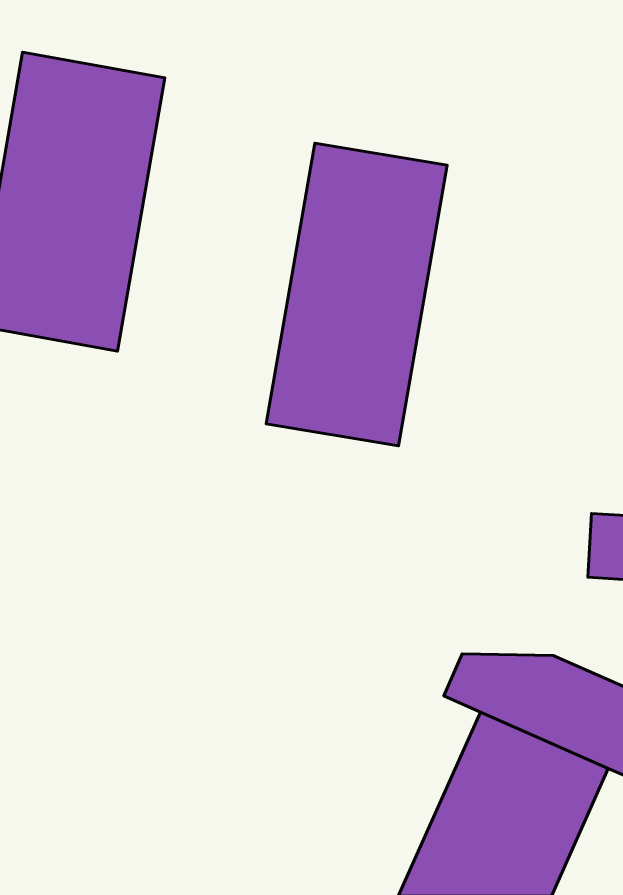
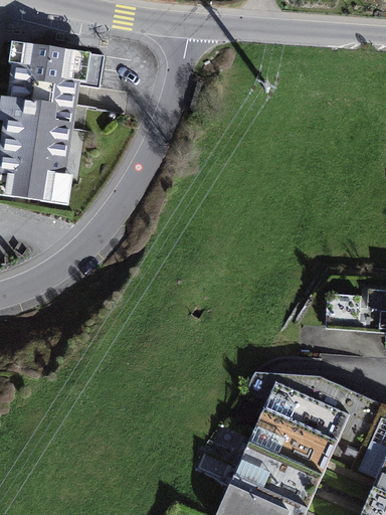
building: [266,143,447,446] -> none

